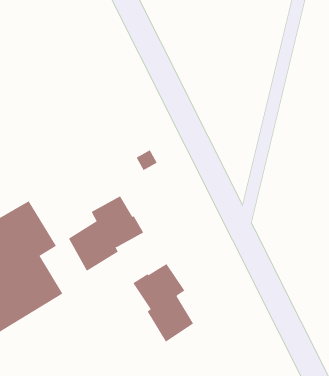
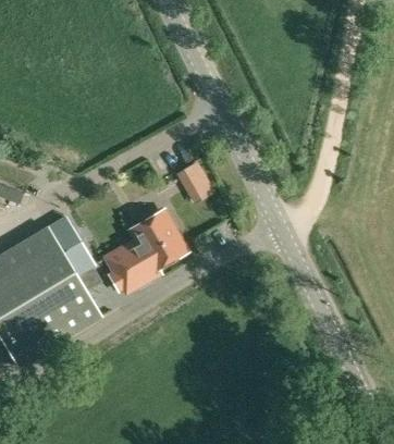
building: [133,263,194,343] -> none

